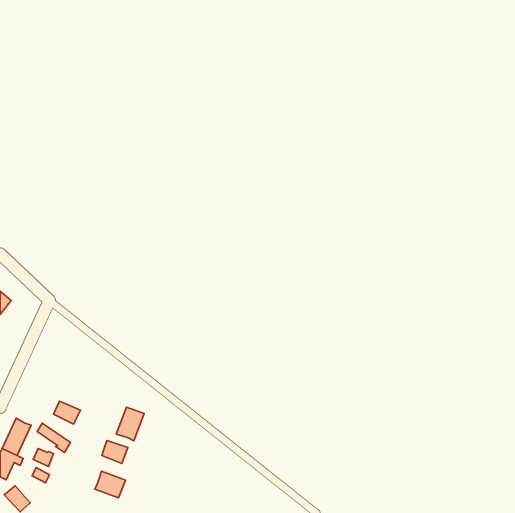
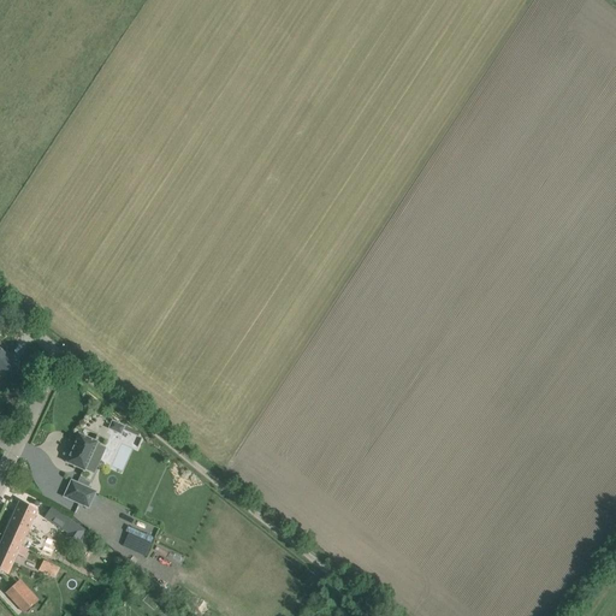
building: none -> [66,432,105,470]
building: [116,407,144,441] -> none
building: [95,471,125,498] -> none

